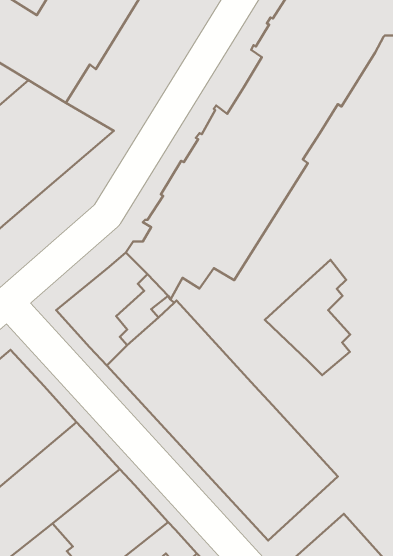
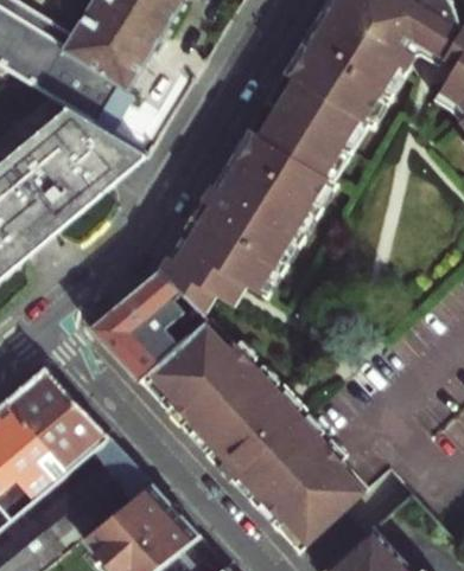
building: [265,260,350,375] -> none

